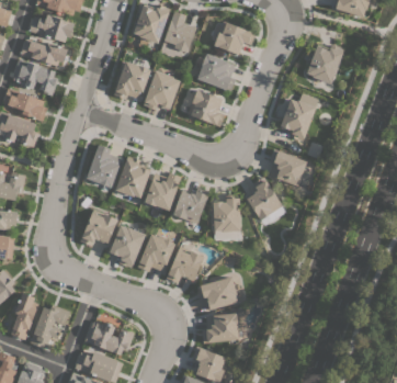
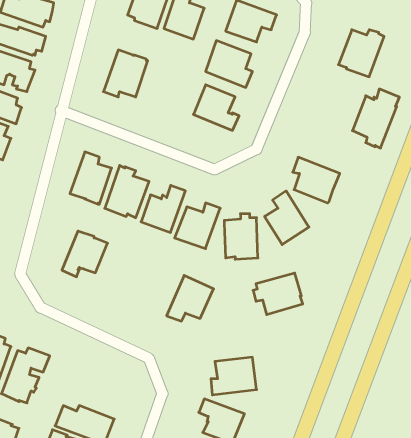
building: [143,70,180,110] -> none
building: [280,93,318,142] -> [352,89,399,148]
building: [109,226,146,268] -> none
building: [137,235,174,272] -> none
building: [197,277,238,311] -> [253,273,303,315]
building: [84,322,134,356] -> none

